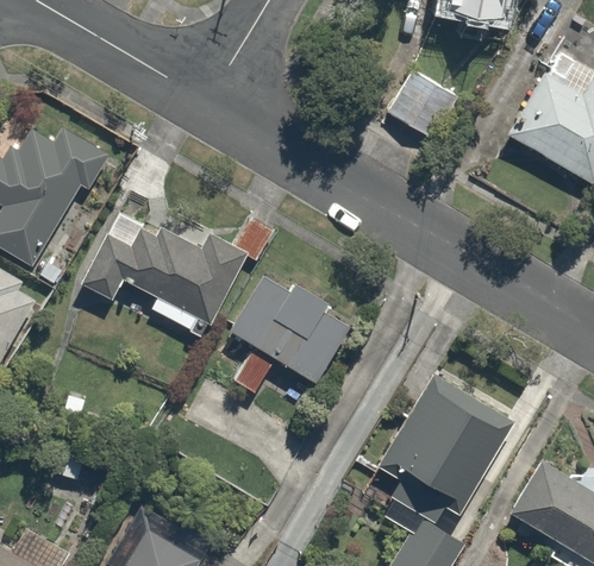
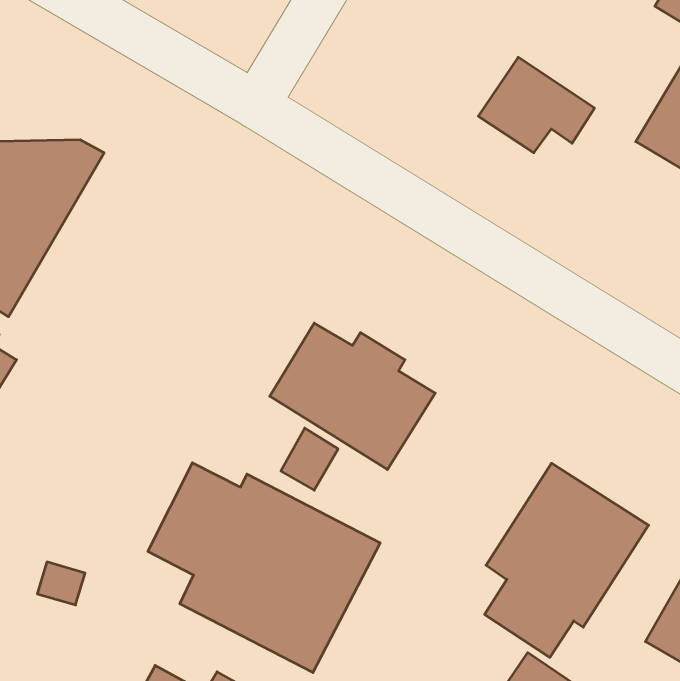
building: [82,224,248,335] -> none
building: none -> [148,463,380,673]

